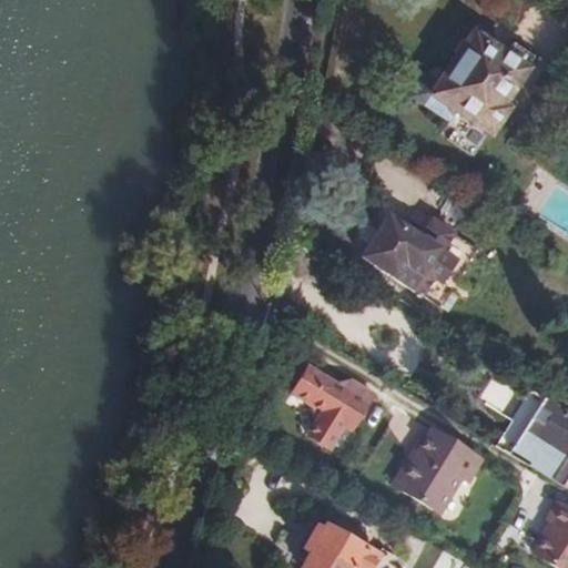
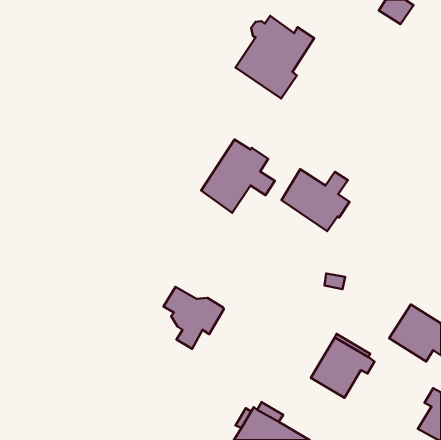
building: [432,30,532,136] -> [236,16,314,99]
building: none -> [201,140,275,213]
building: [296,365,374,445] -> [164,287,224,349]

